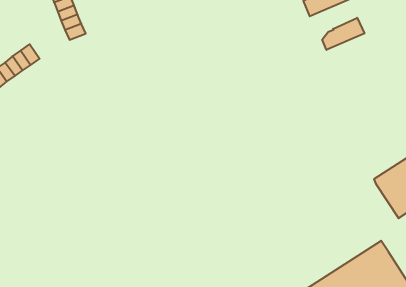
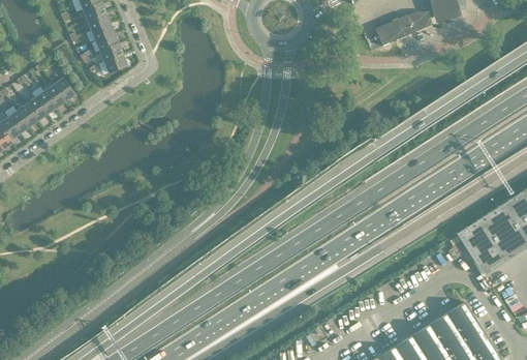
building: [322,18,364,50] -> none

